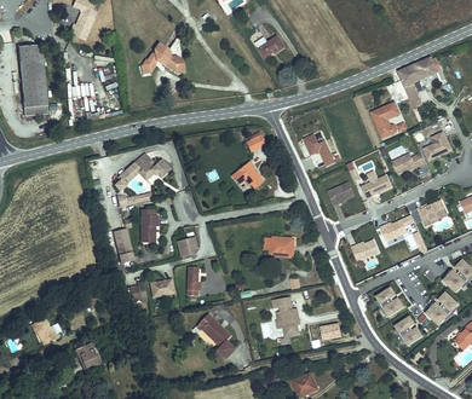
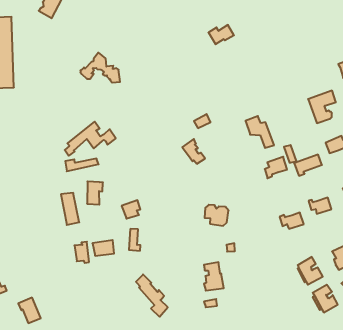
building: [144,44,188,75] -> [80,53,120,83]

